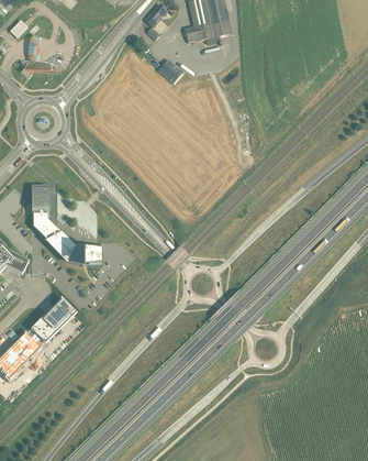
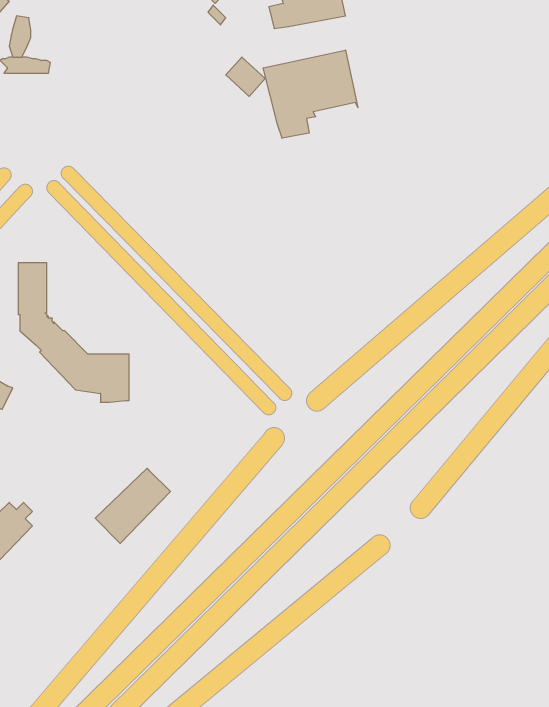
building: none -> [263,50,358,138]
building: [30,296,76,342] -> [95,468,170,543]

